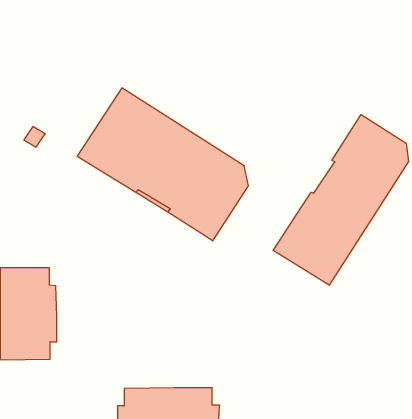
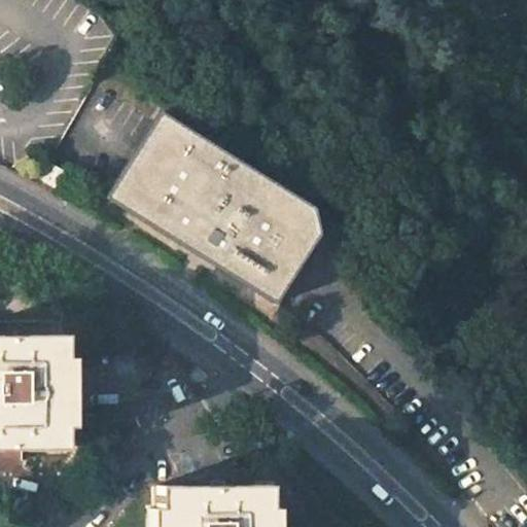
building: [273,115,408,285] -> none

